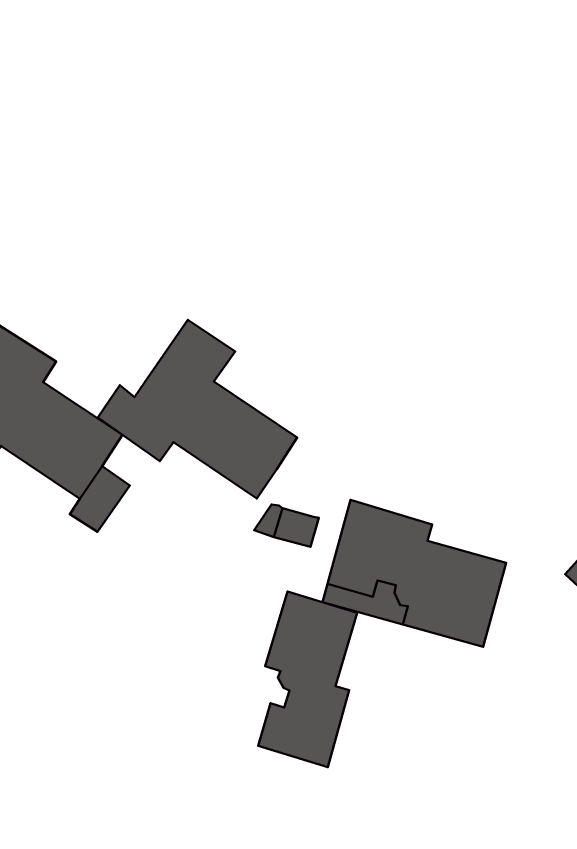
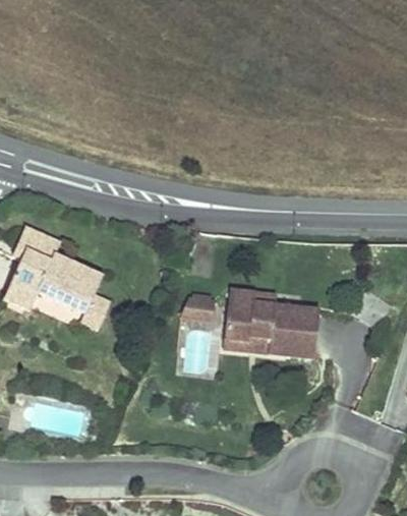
building: [98,320,297,498] -> none
building: [258,591,357,767] -> none

